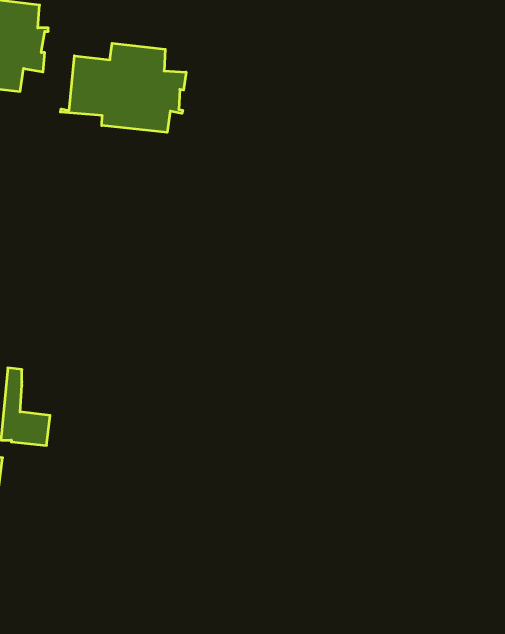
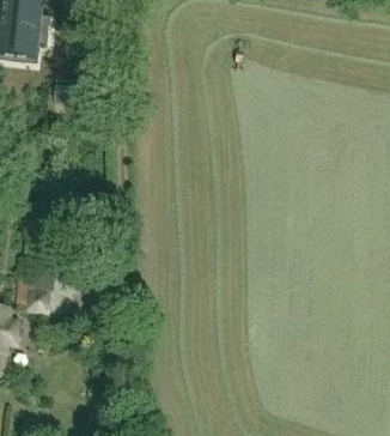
building: [60,43,186,132] -> none

